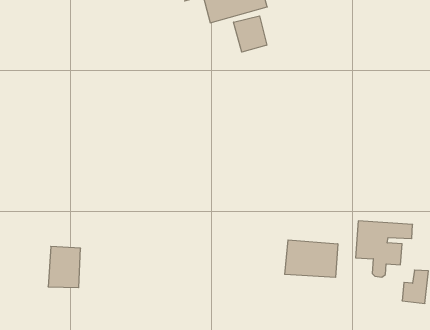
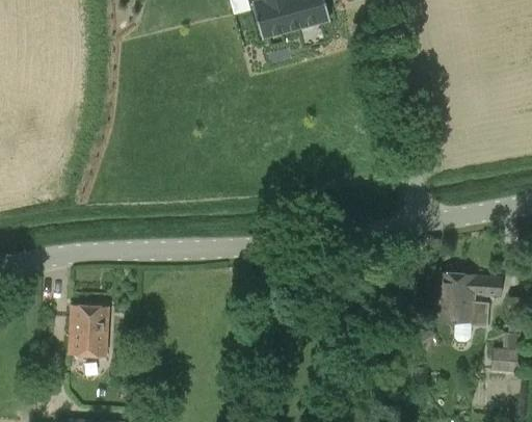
building: [234,16,267,52] -> none
building: [285,240,338,277] -> none

